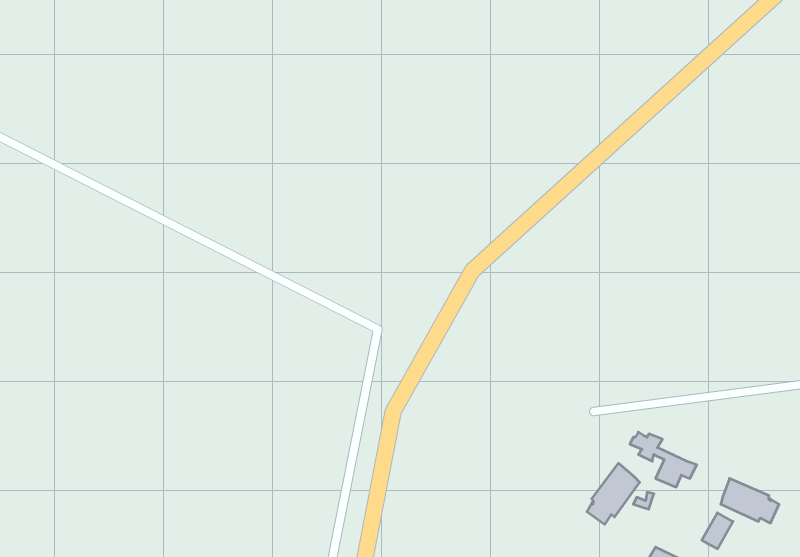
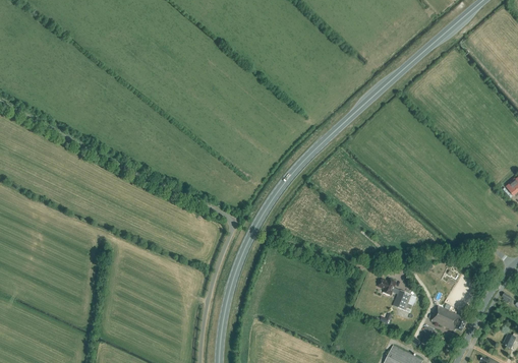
building: [587,463,640,524] -> none

